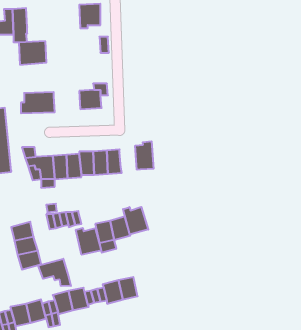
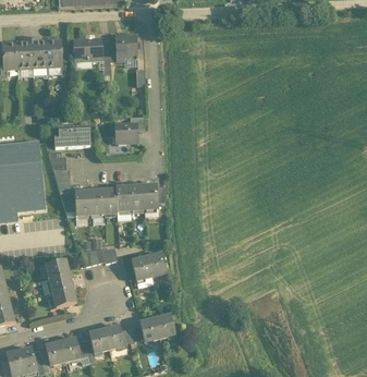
building: [19,41,46,65] -> [74,37,102,61]
building: [135,141,154,170] -> none
building: [123,207,148,234] -> none
building: [76,228,101,255] -> none
building: [38,259,71,286] -> none

